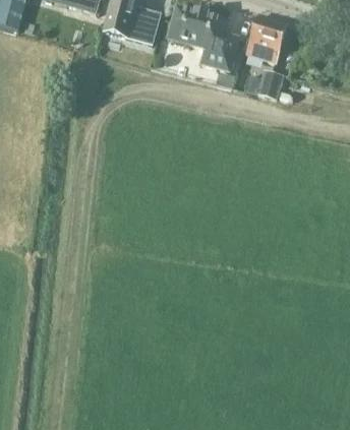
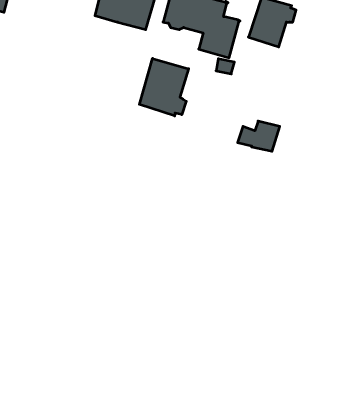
building: [243,69,283,98] -> [238,121,280,151]
building: none -> [139,58,189,116]

